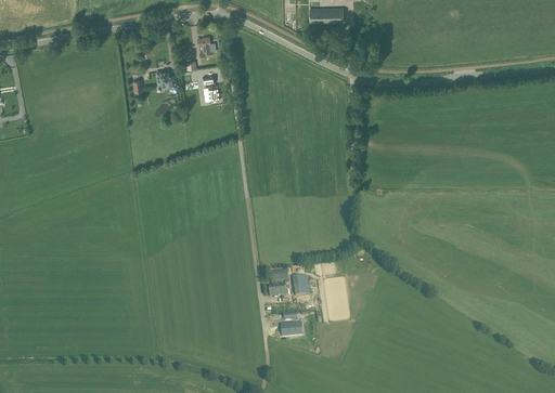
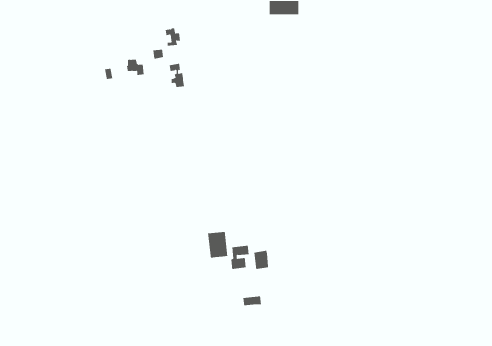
building: none -> [208,231,228,259]

